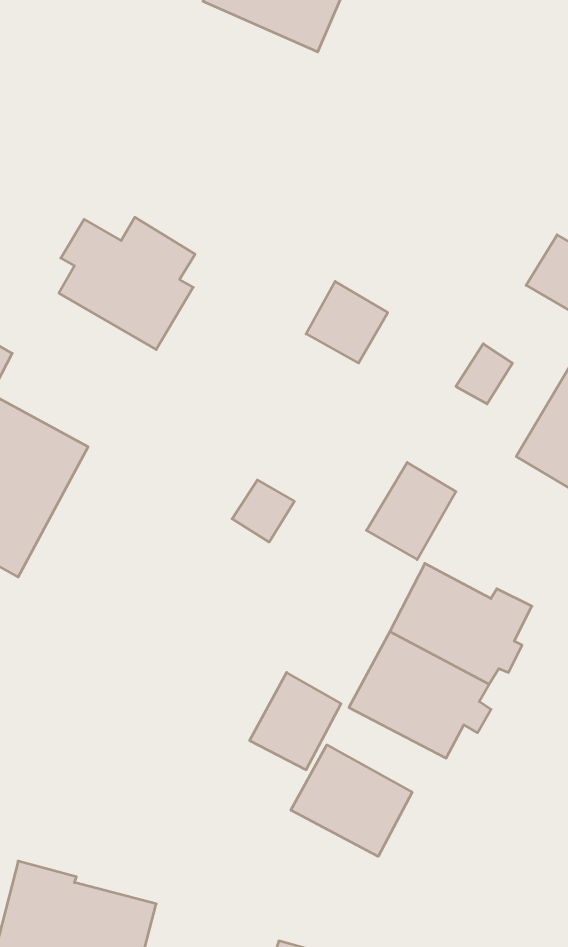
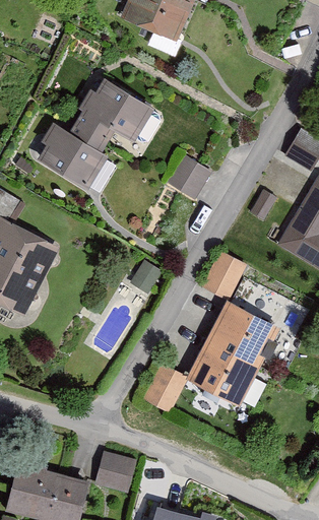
building: none -> [78,80,158,147]
building: [291,745,412,856] -> none
building: none -> [93,447,135,489]

